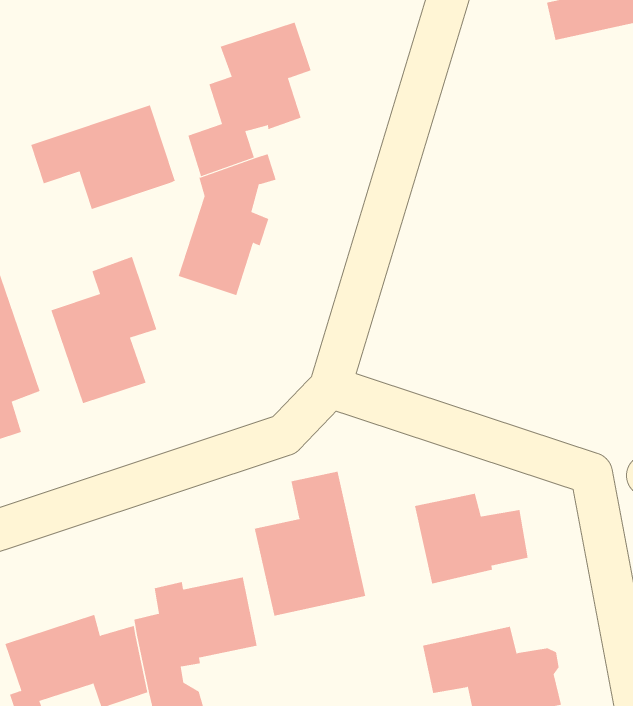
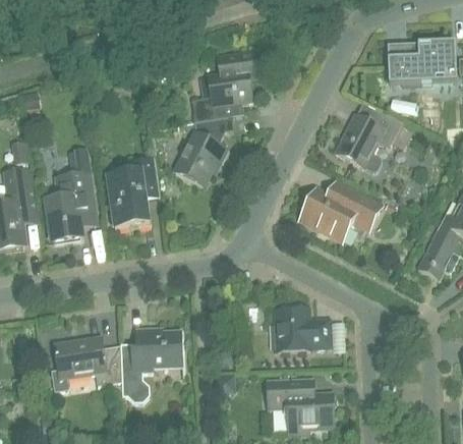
building: none -> [335,113,401,168]
building: [30,104,176,210] -> none
building: none -> [298,181,378,239]
building: [254,471,366,617] -> none

